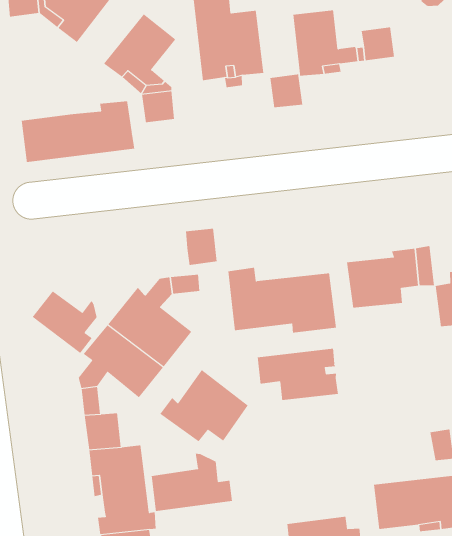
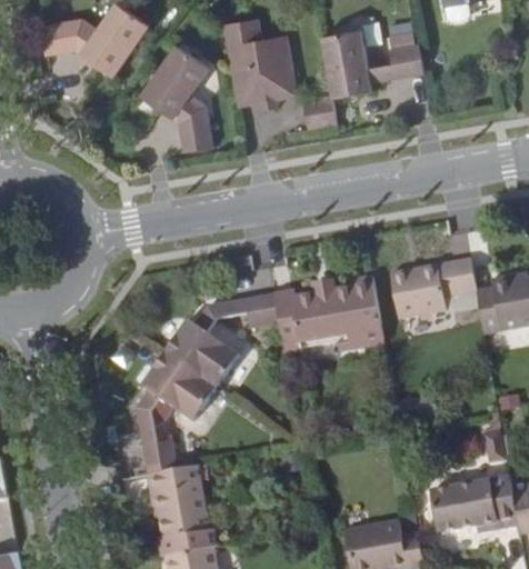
building: [21,100,135,163] -> none
building: [185,228,218,265] -> [246,291,279,329]
building: [32,290,97,354] -> none
building: [257,348,339,401] -> none
building: [159,369,248,442] -> none
building: [151,453,232,512] -> none

